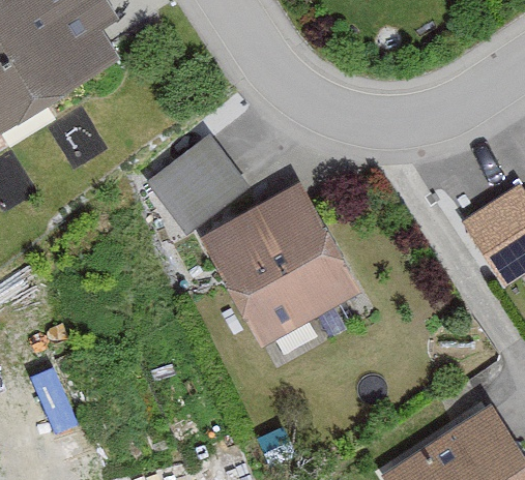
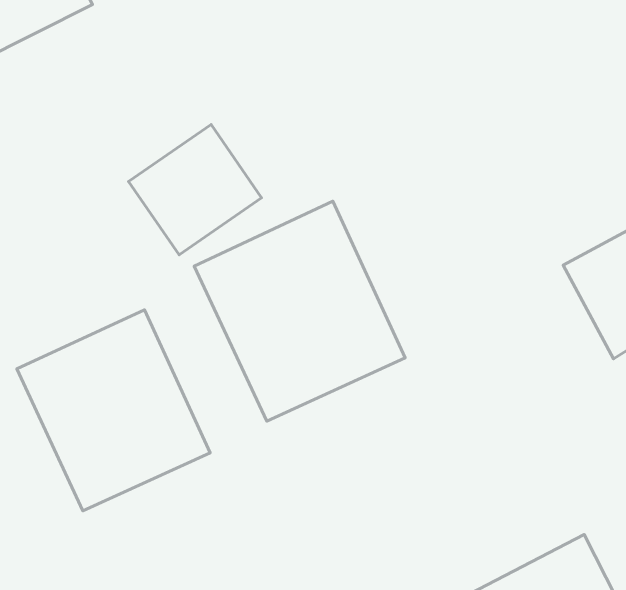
building: none -> [17,310,210,511]

